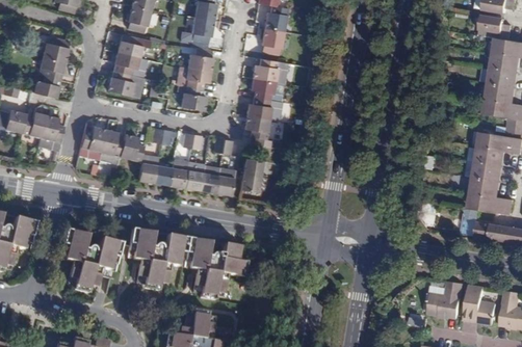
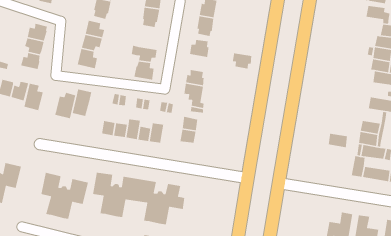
building: [187,48,213,72] -> none
building: [250,78,276,100] -> [232,52,252,69]
building: [119,134,145,162] -> none
building: [474,146,500,166] -> [328,133,348,148]
building: [215,167,235,195] -> none

